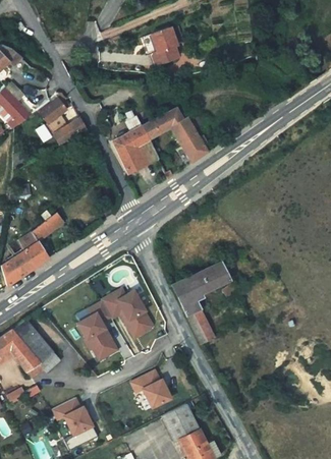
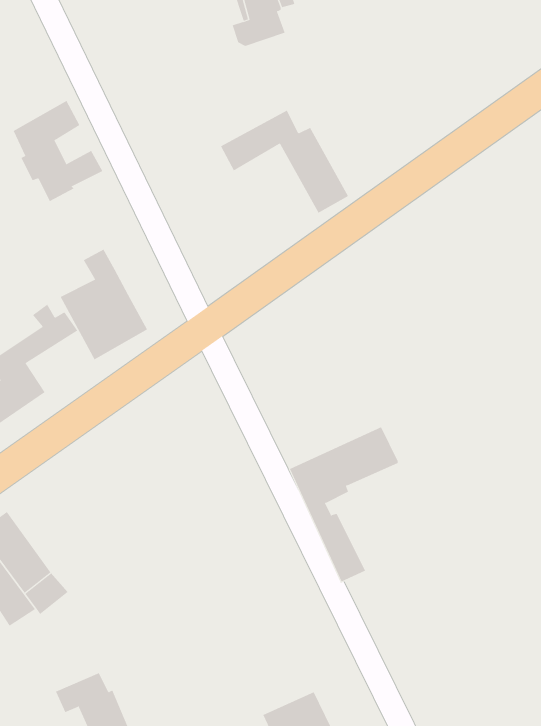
building: [111,110,158,169] -> [60,249,148,360]
building: [82,293,158,364] -> none
building: [133,377,172,413] -> none

